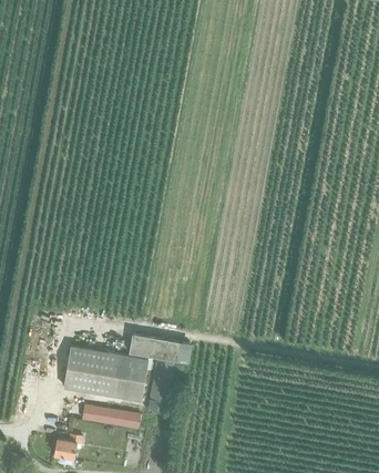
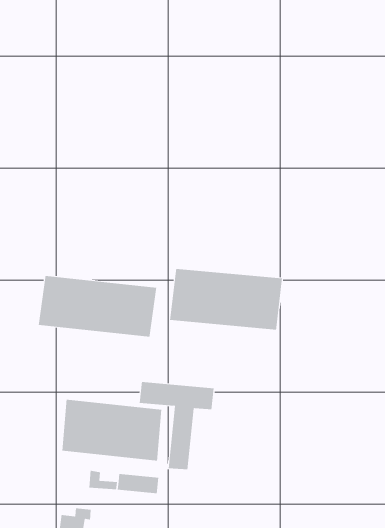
building: none -> [38,275,157,337]
building: none -> [170,268,283,330]

